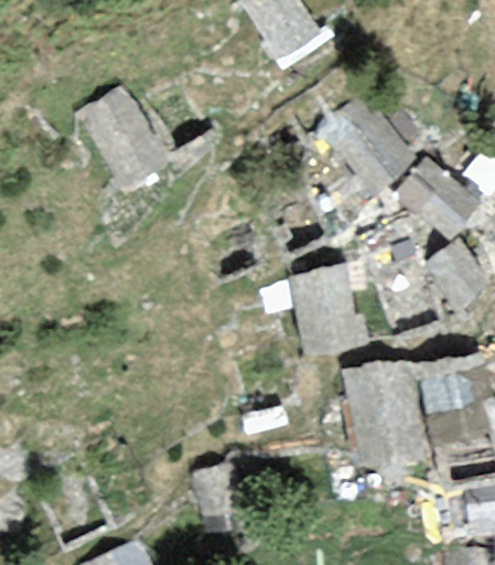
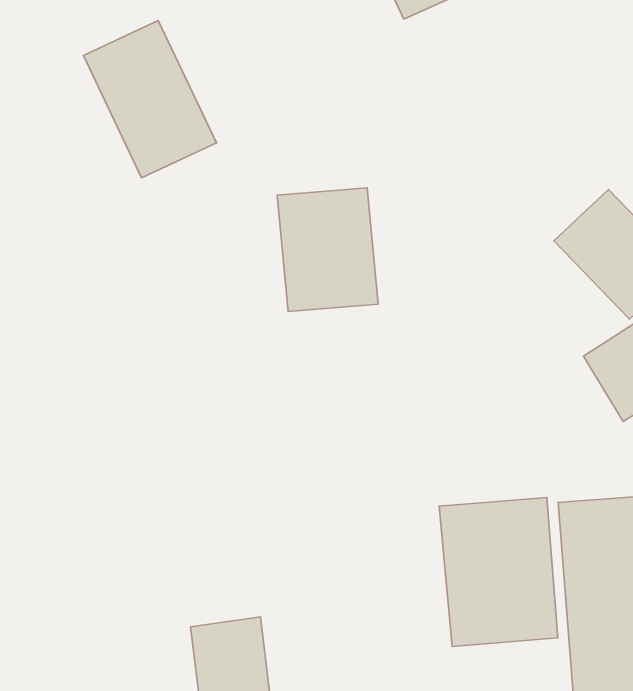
building: [316,95,413,192] -> none
building: [289,266,363,352] -> [277,188,378,311]

